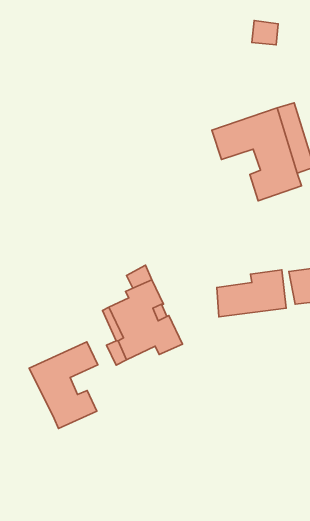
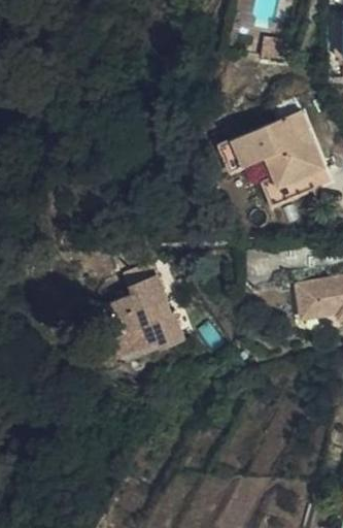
building: [217,270,286,317] -> none
building: [29,342,98,428] -> none

